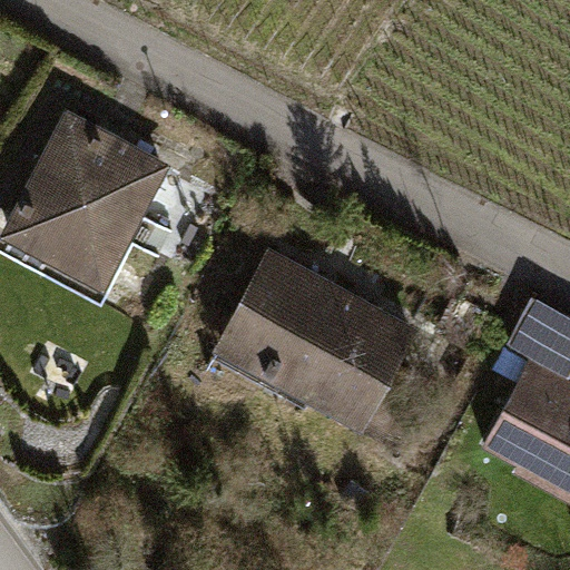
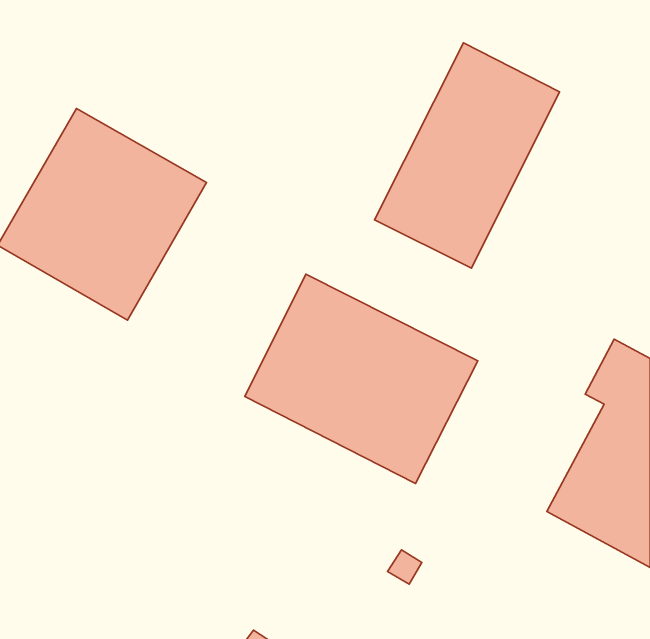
building: none -> [374,43,560,268]

